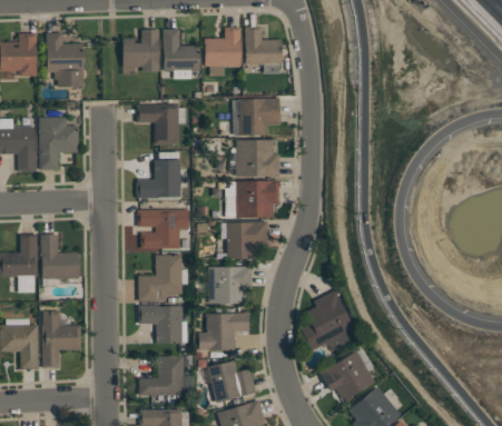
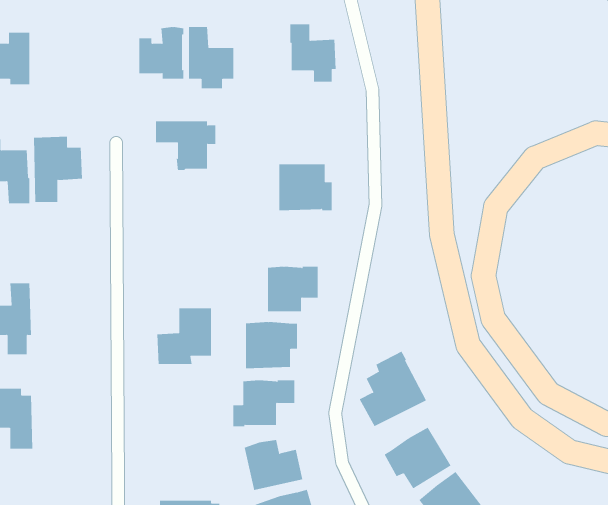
building: [205,27,242,77] -> none
building: [47,32,85,87] -> none
building: [239,98,280,136] -> none
building: [136,159,181,198] -> none
building: [226,180,279,218] -> none
building: [138,209,189,248] -> none
building: [40,234,80,279] -> none
building: [139,305,183,344] -> none
building: [41,311,81,368] -> none
building: [139,356,185,395] -> none

